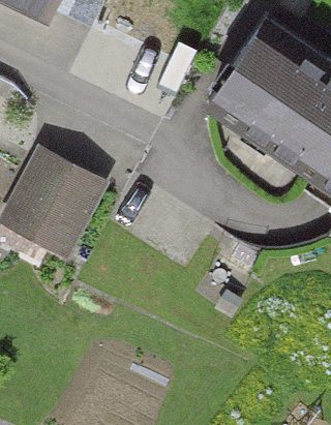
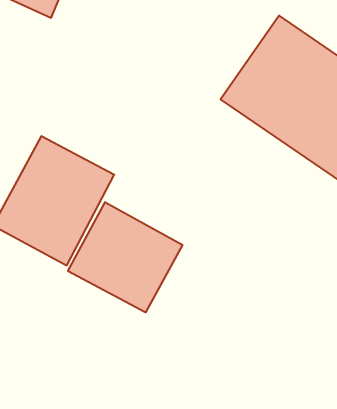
building: none -> [68,202,182,312]

